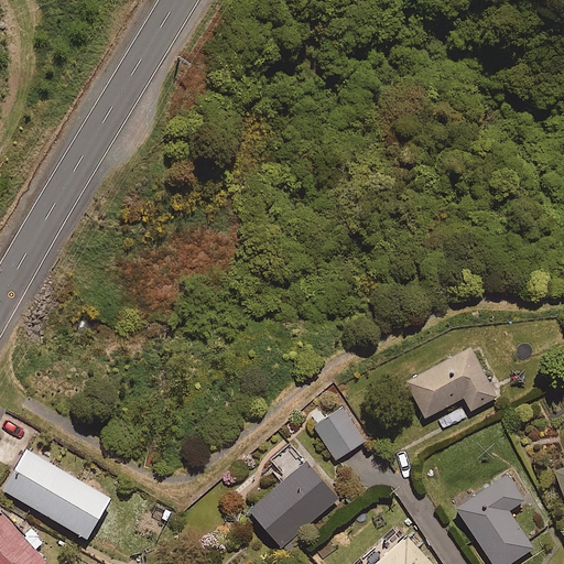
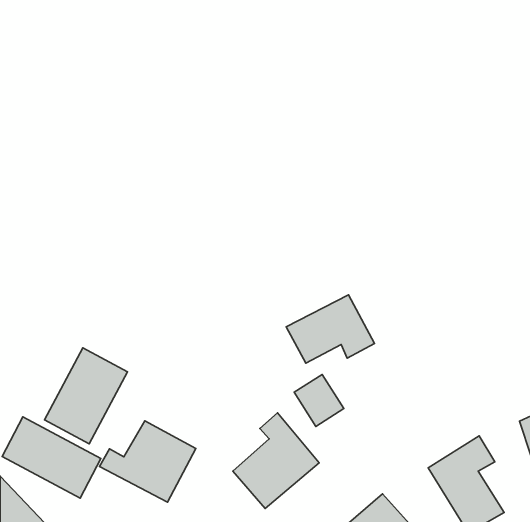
building: [404,345,498,417] -> [286,295,374,363]
building: none -> [44,348,127,444]
building: none -> [100,421,196,502]

